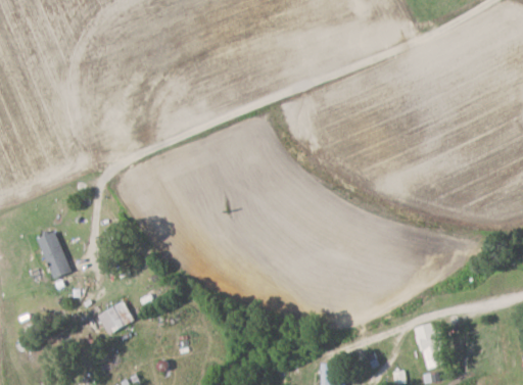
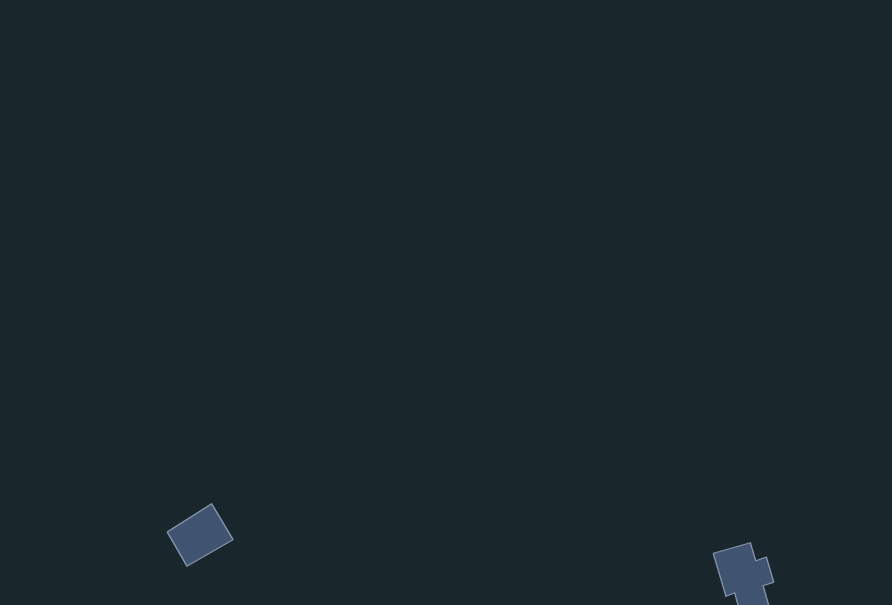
building: [36,231,70,279] -> none

